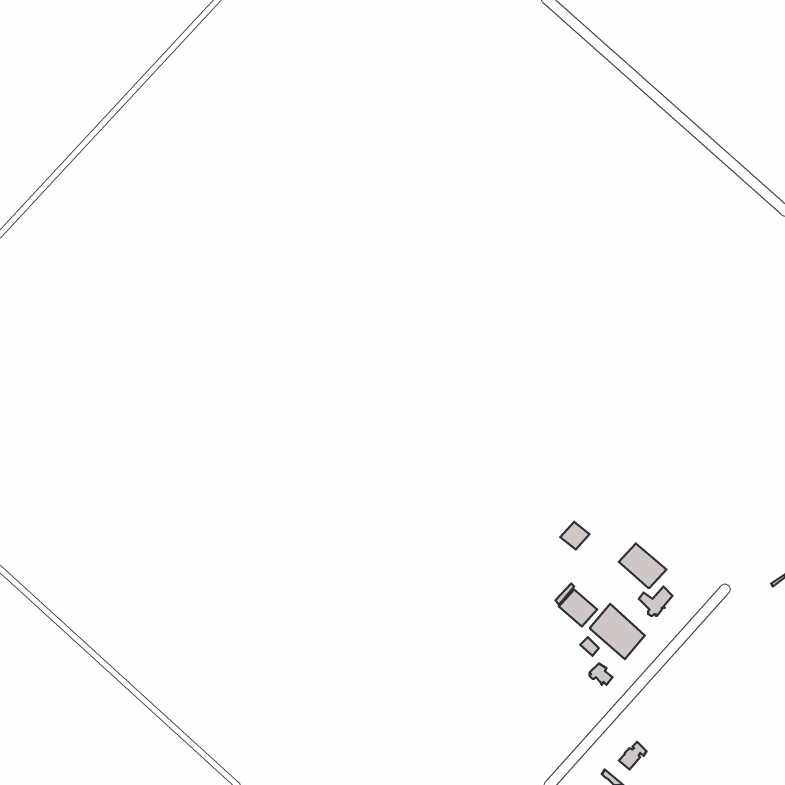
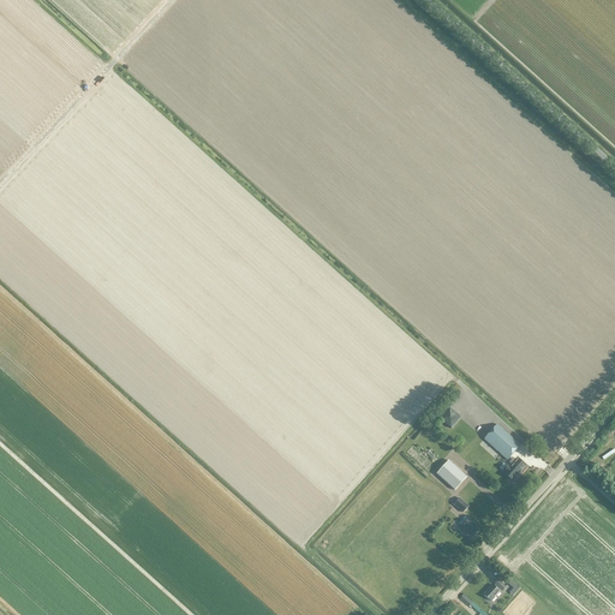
building: [590,604,645,659] -> none

